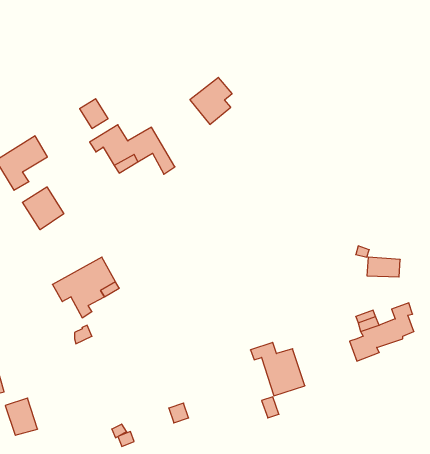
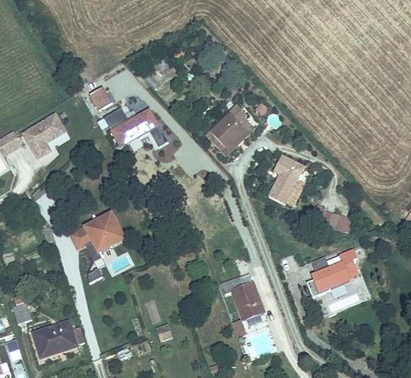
building: [190,77,232,124] -> [210,112,244,150]
building: none -> [267,153,302,202]
building: [22,187,64,230] -> none
building: none -> [48,322,83,352]

